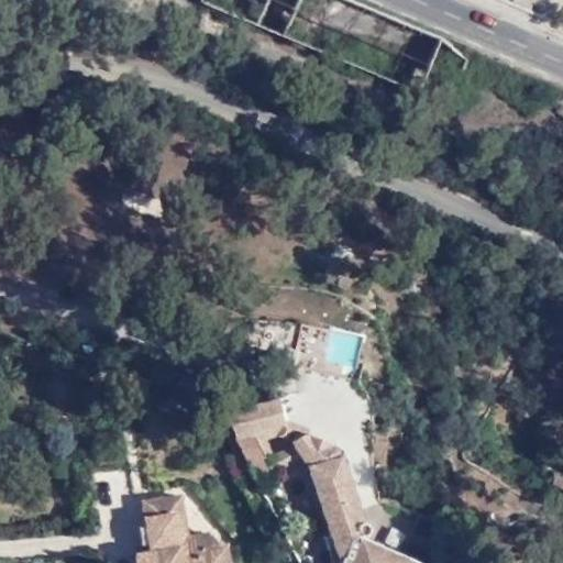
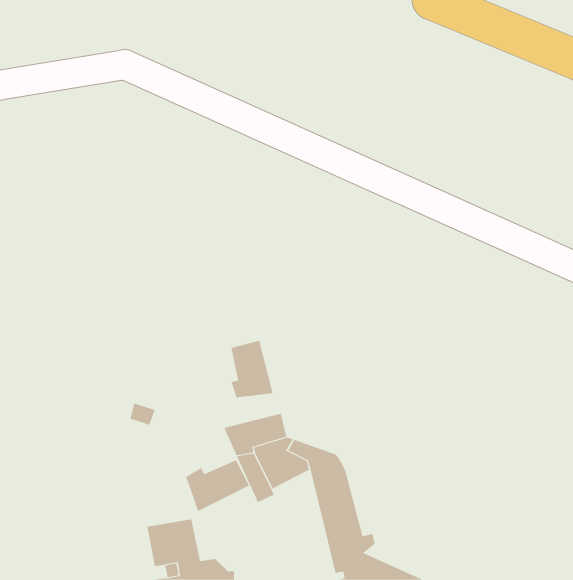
building: none -> [231,340,273,398]
building: none -> [186,460,250,512]

